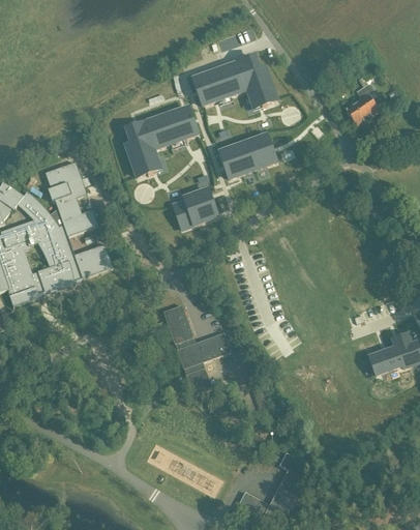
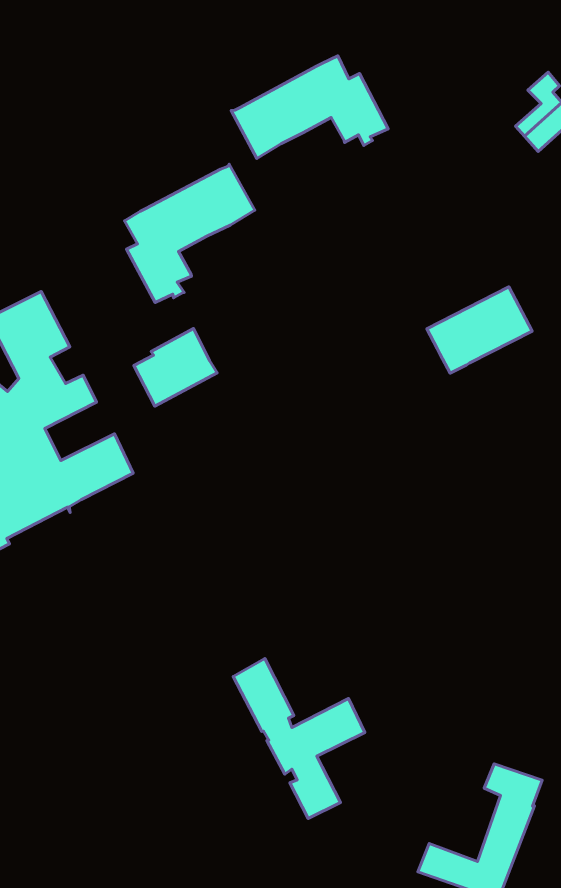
building: [219,136,276,178] -> [427,287,532,373]
building: [173,189,217,229] -> [134,328,217,406]
building: [162,304,230,394] -> [233,659,365,818]

